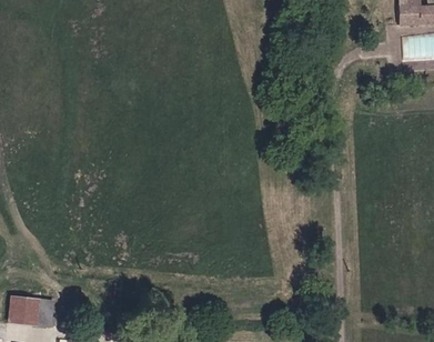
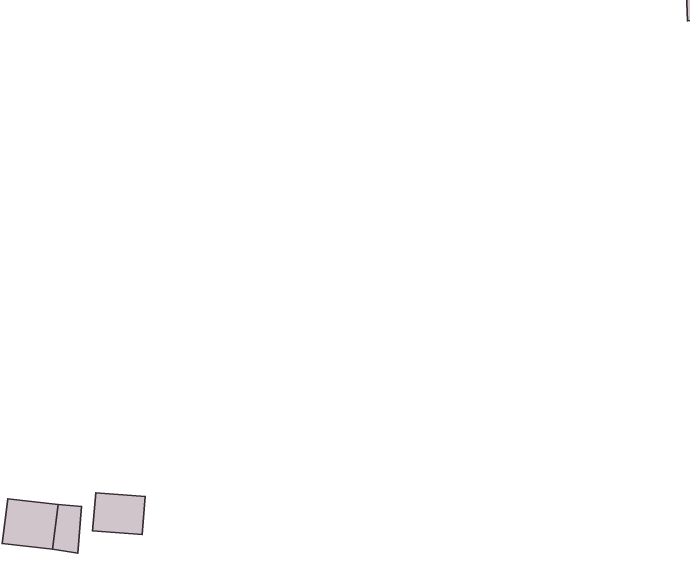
building: none -> [93,493,145,535]

